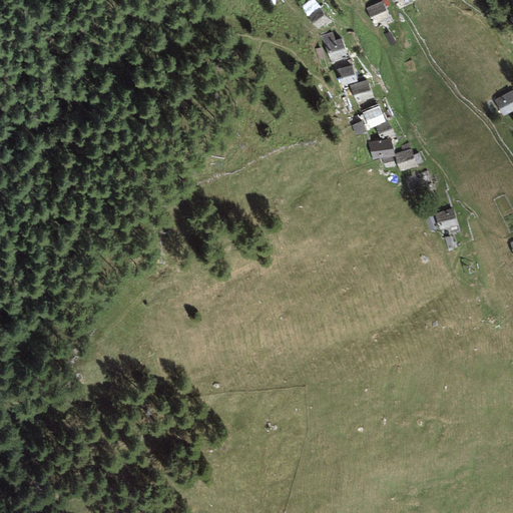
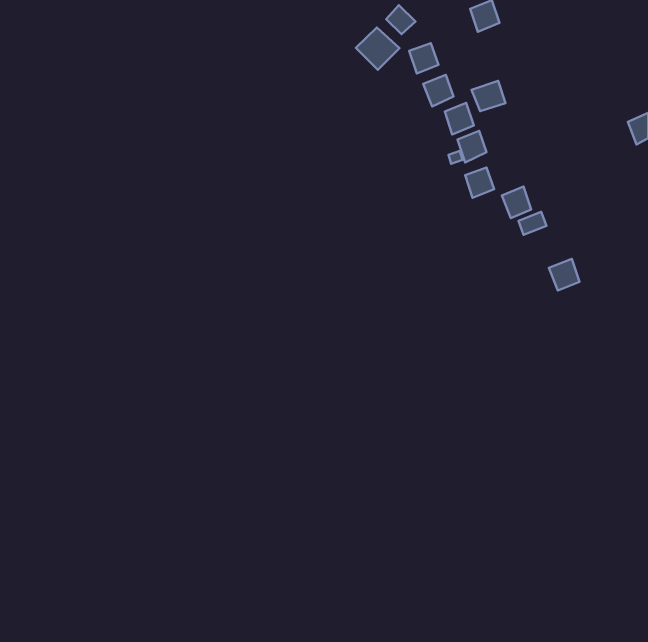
building: none -> [356,28,399,70]
building: none -> [472,81,506,111]

